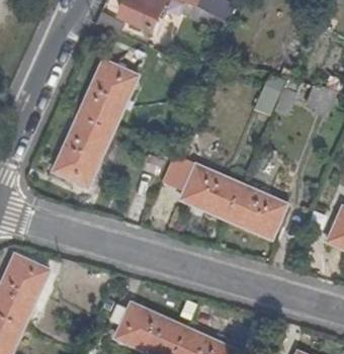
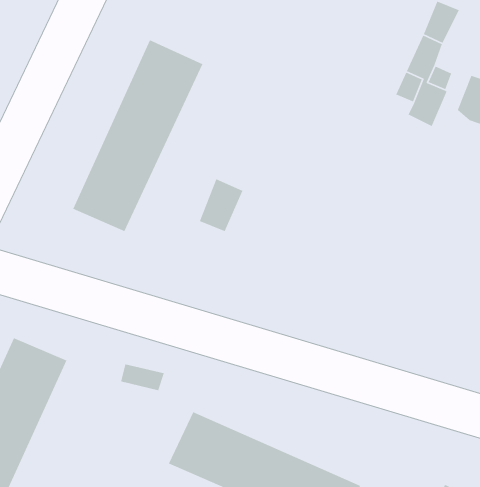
building: [179,164,286,238] -> none

